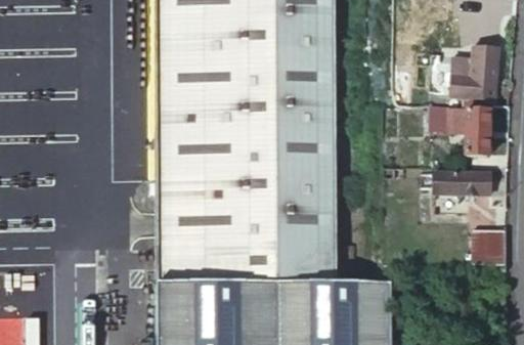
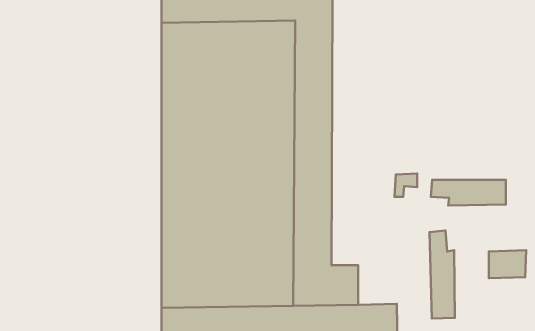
building: [454,48,504,101] -> none
building: [436,110,493,158] -> none
building: none -> [429,230,455,318]

